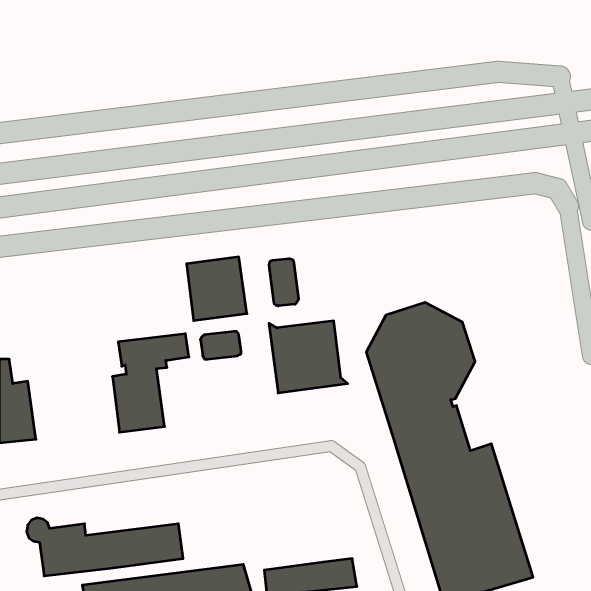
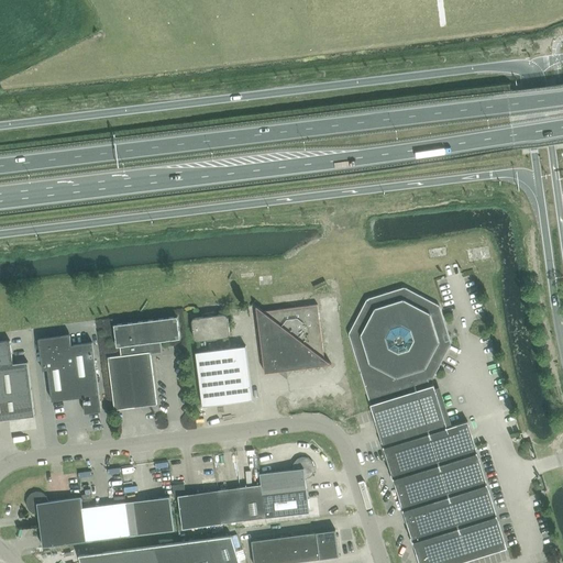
building: [187,257,247,321] -> [195,347,252,408]
building: [269,259,299,306] -> none
building: none -> [40,338,100,415]
building: none -> [172,459,313,530]

